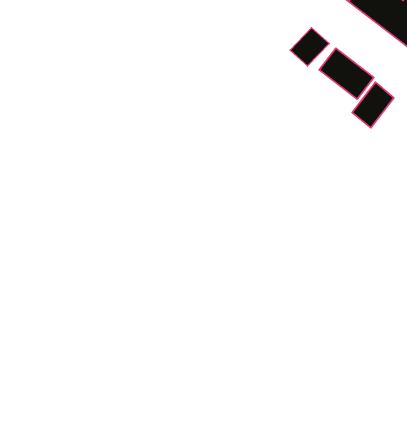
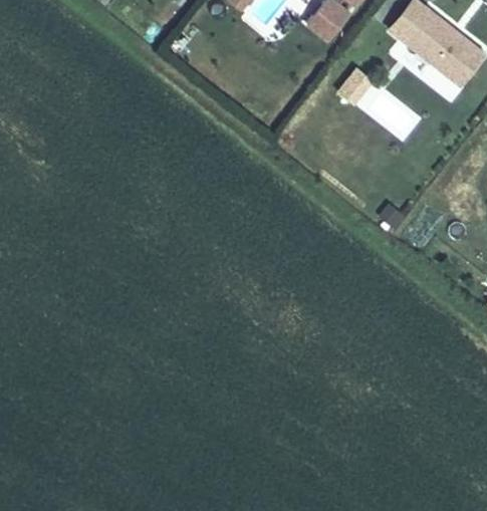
building: [352,82,394,128] -> none

